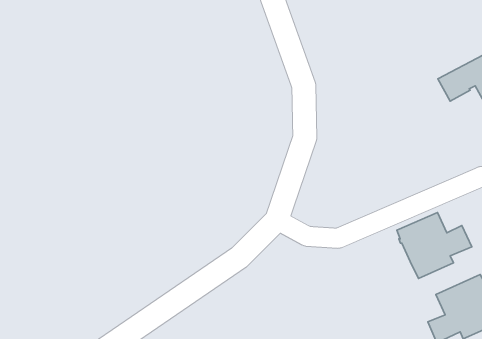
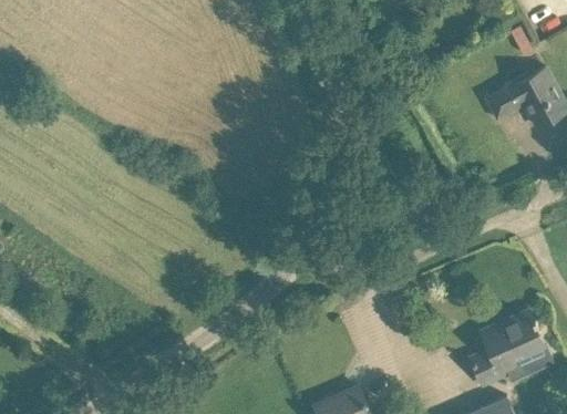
building: [397,212,472,279] -> none

